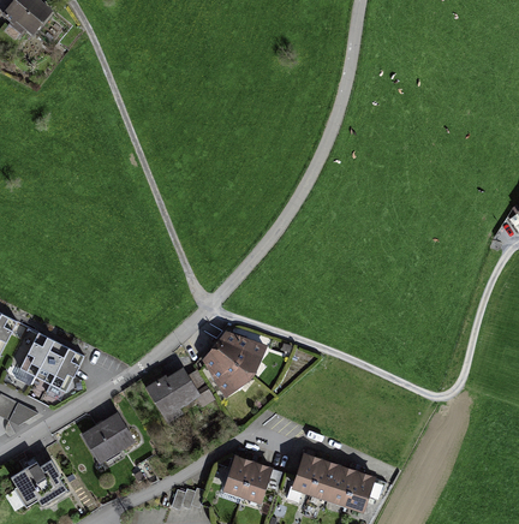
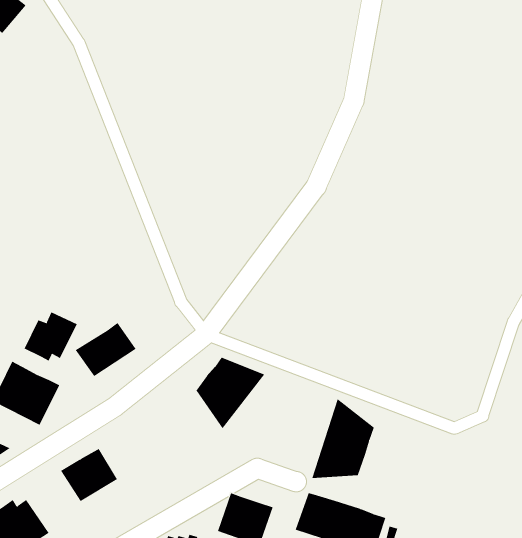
building: none -> [24,311,78,362]
building: none -> [312,398,374,479]
building: [145,370,201,419] -> [75,322,137,377]

